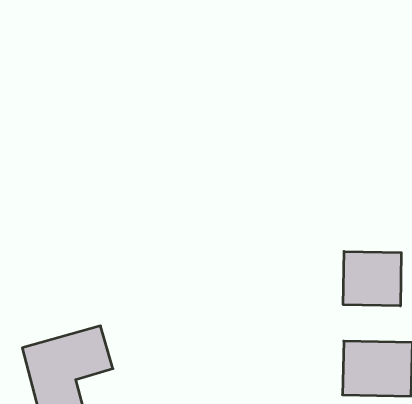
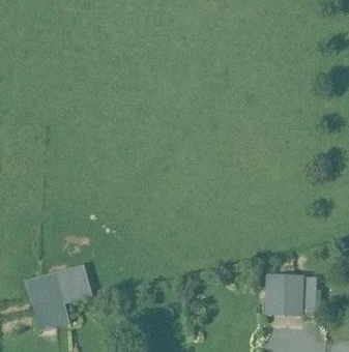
building: [343,251,401,306] -> none

